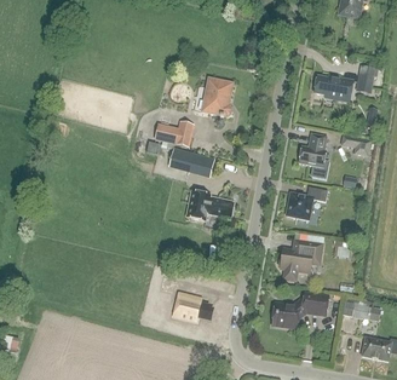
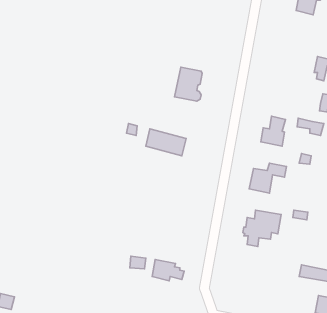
building: [313,75,352,102] -> none
building: [154,121,194,146] -> none
building: [186,189,234,219] -> none
building: [272,293,328,328] -> none

